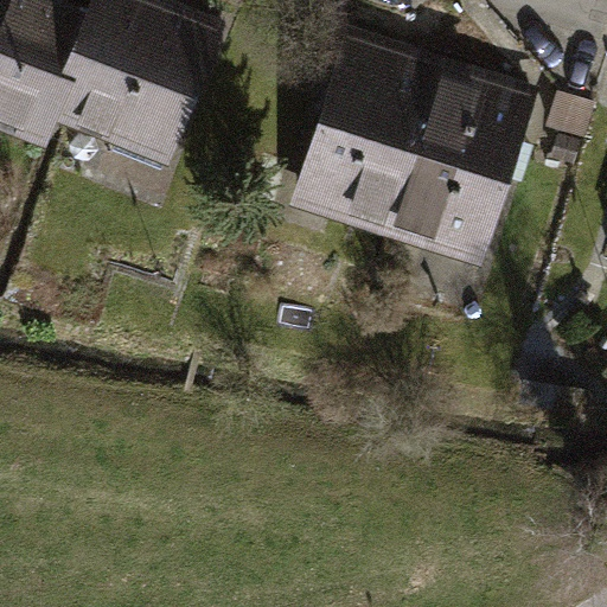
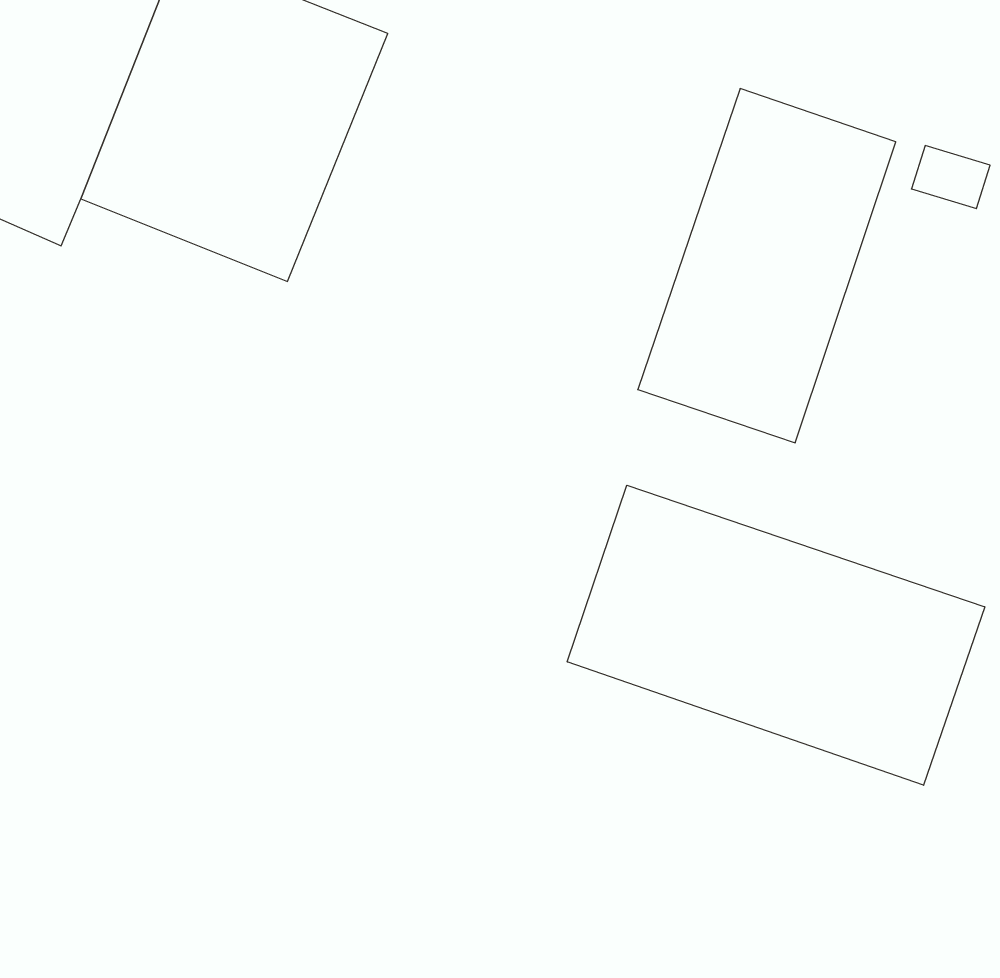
building: [287,21,446,235] -> none
building: none -> [567,485,985,785]

